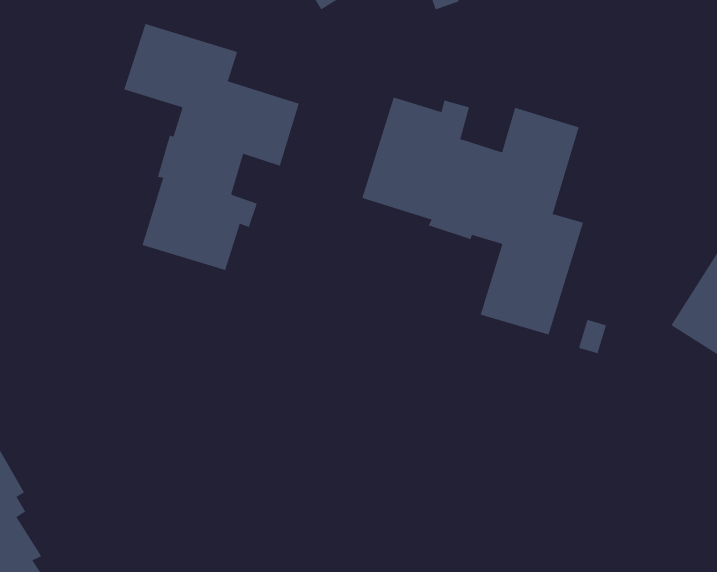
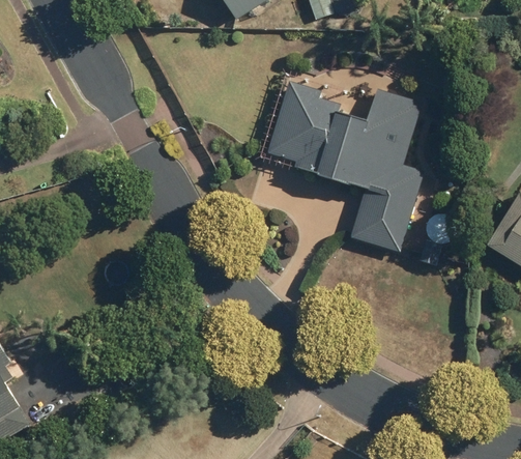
building: [124,23,299,271] -> none

